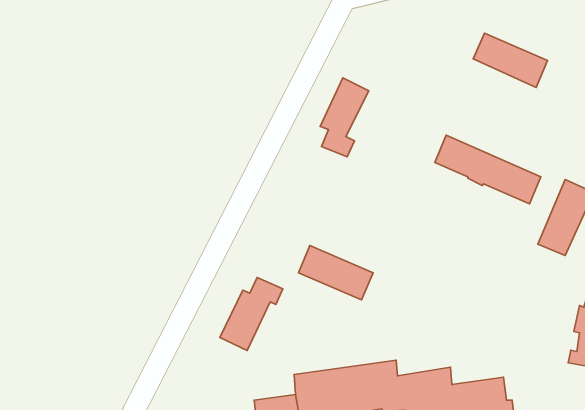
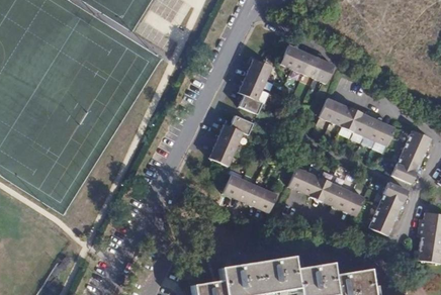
building: [473,33,548,88] -> [281,45,334,84]
building: none -> [289,168,364,216]
building: none -> [369,182,409,236]
building: [220,277,283,350] -> [209,114,254,166]

